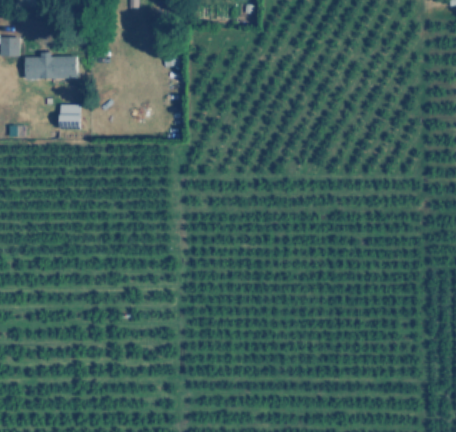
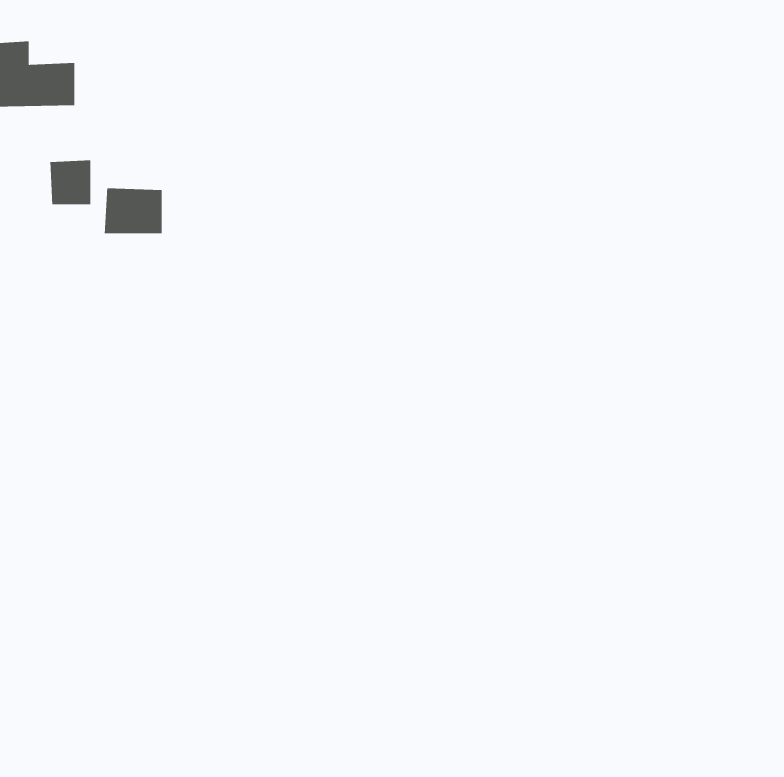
building: none -> [104,187,162,234]

